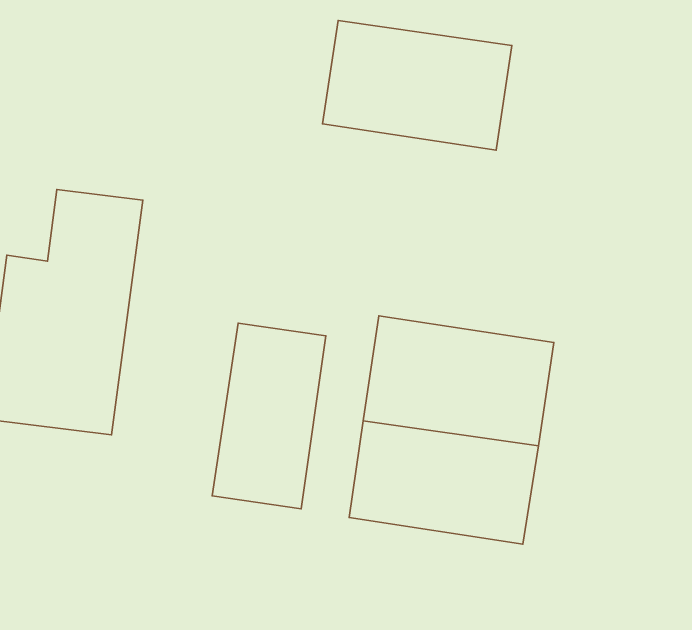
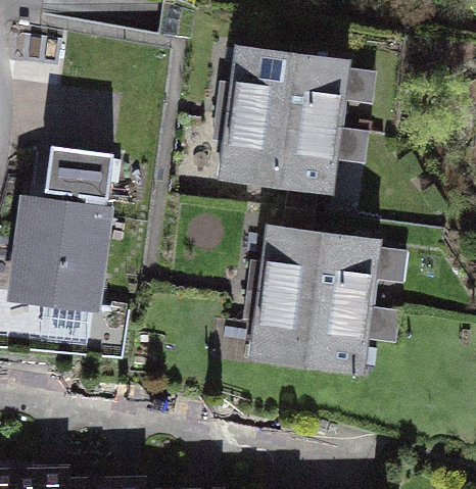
building: none -> [222,111,345,192]
building: [212,323,326,509] -> none

